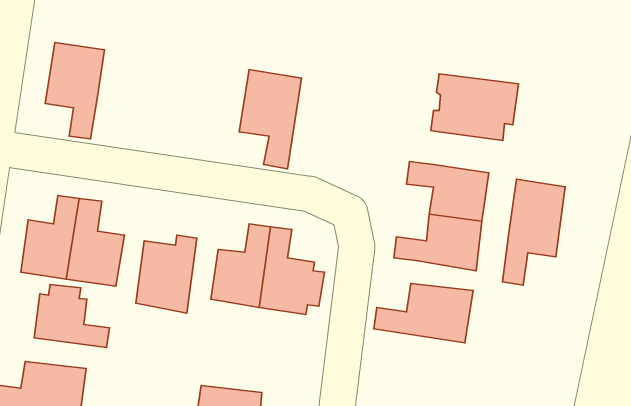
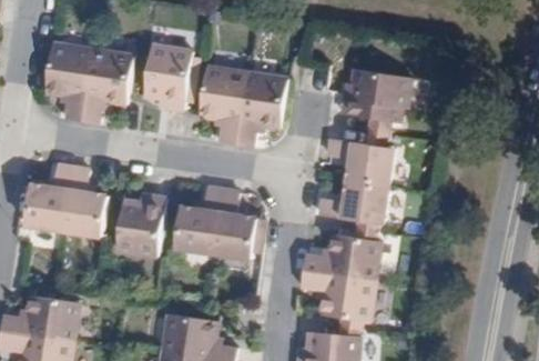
building: none -> [144,46,191,110]
building: none -> [81,51,131,123]
building: none -> [235,73,286,148]
building: [502,179,565,285] -> none
building: [34,284,109,348] -> none
building: none -> [299,270,374,321]

